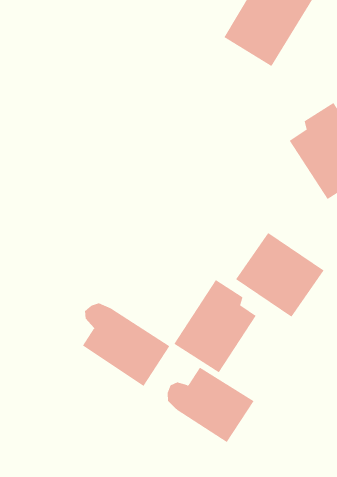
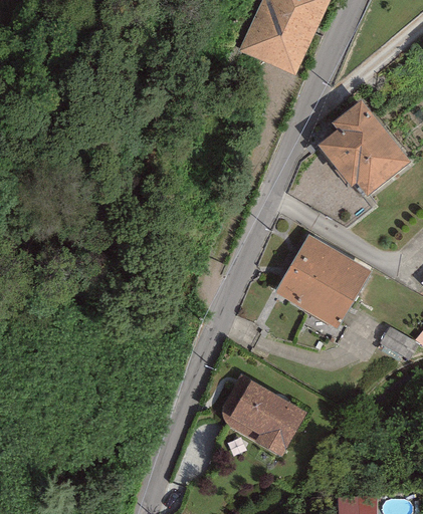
building: [174,279,257,373] -> none
building: [82,303,170,387] -> none

